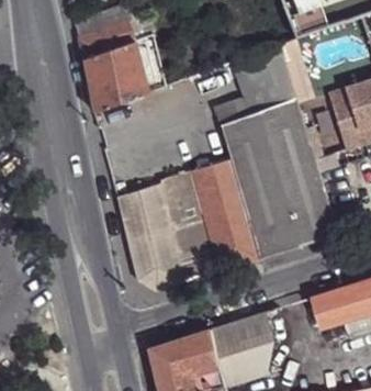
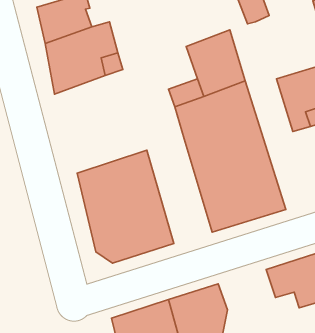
building: [190,159,259,270] -> none

